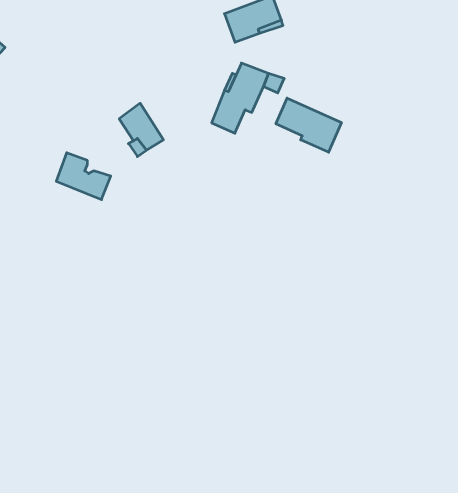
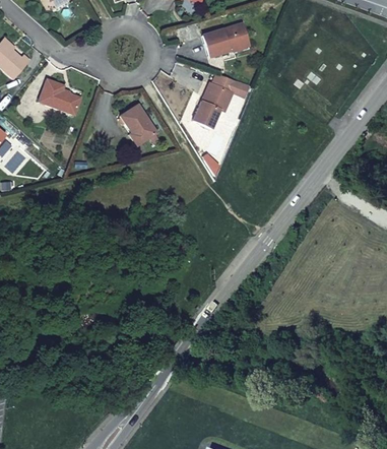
building: [276,98,341,152] -> none
building: [56,153,111,200] -> [39,78,81,115]

